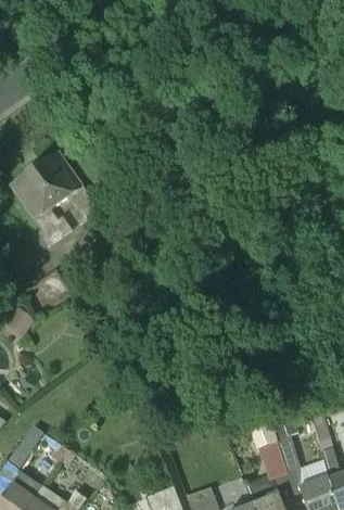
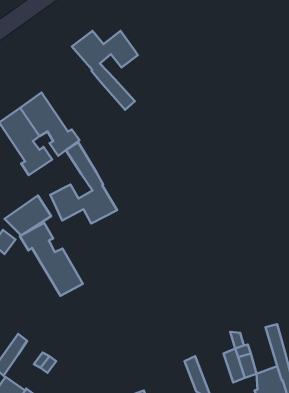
building: none -> [72,31,138,110]
building: none -> [50,142,117,223]
building: none -> [20,223,83,296]

